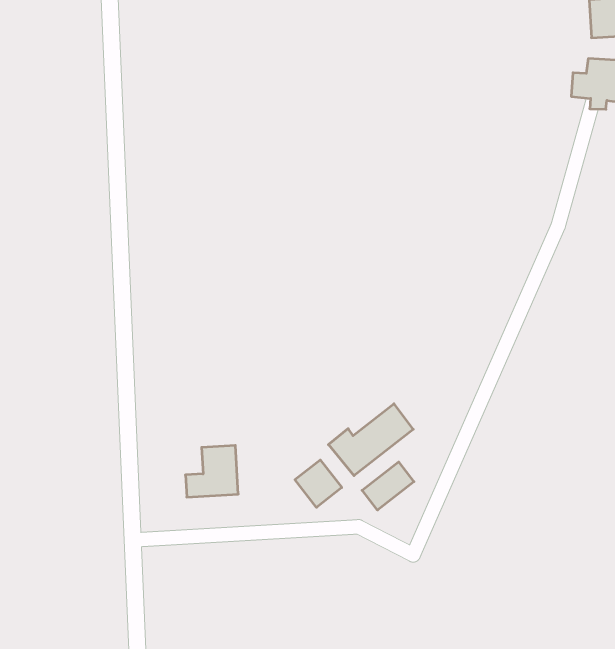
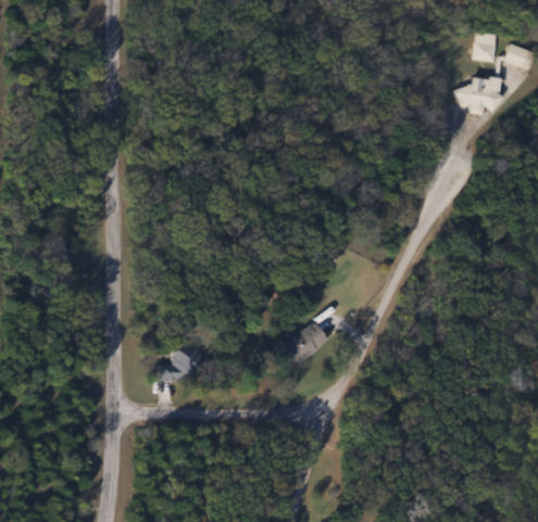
building: [295,460,342,507] -> none
building: [362,462,414,510] -> none

